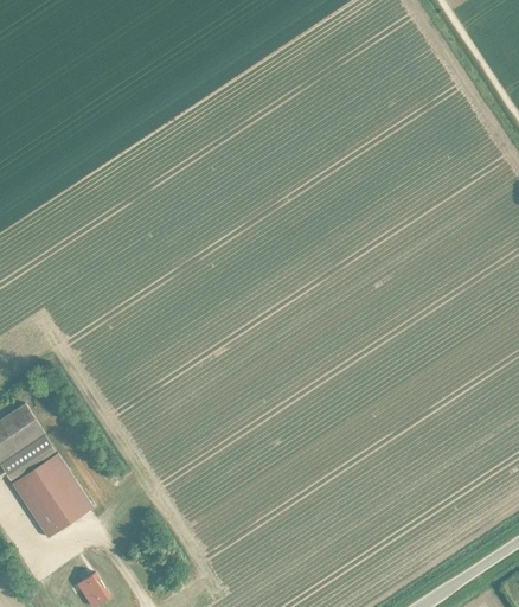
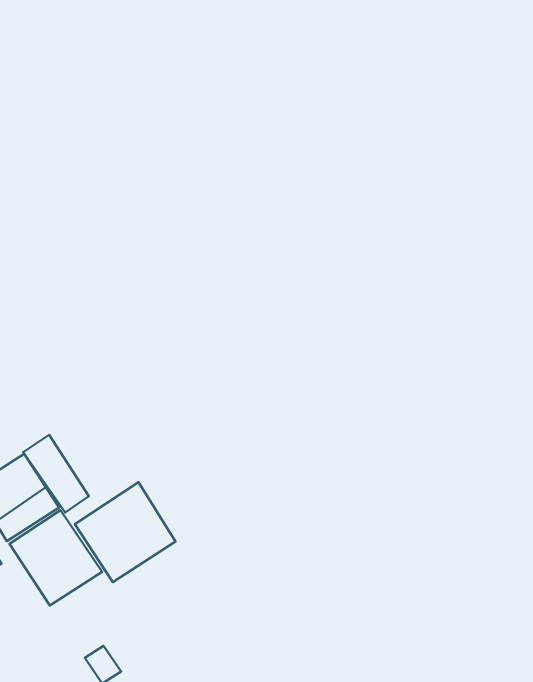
building: none -> [23,435,89,513]
building: none -> [75,482,176,582]

